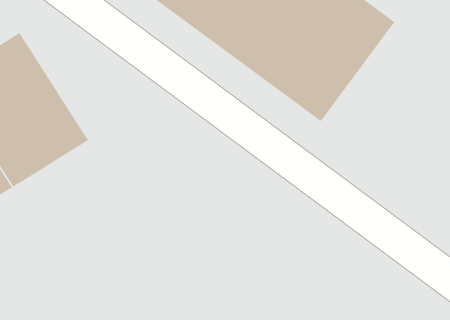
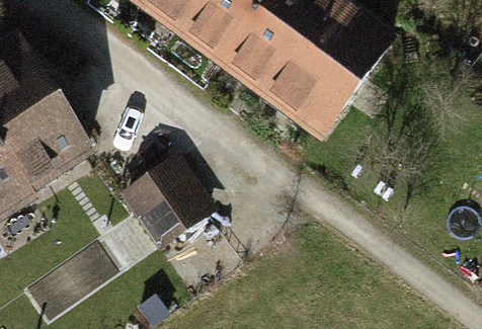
building: none -> [129,150,226,246]

